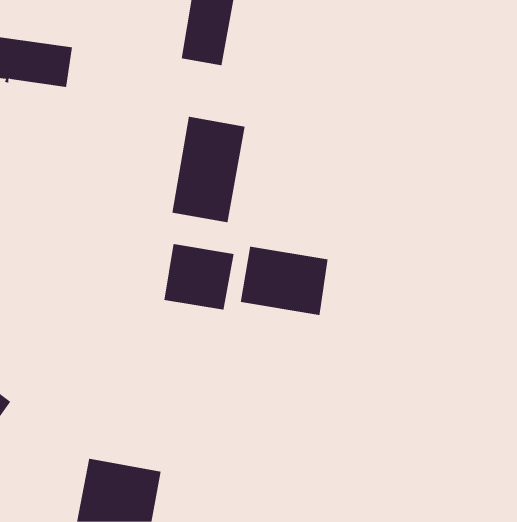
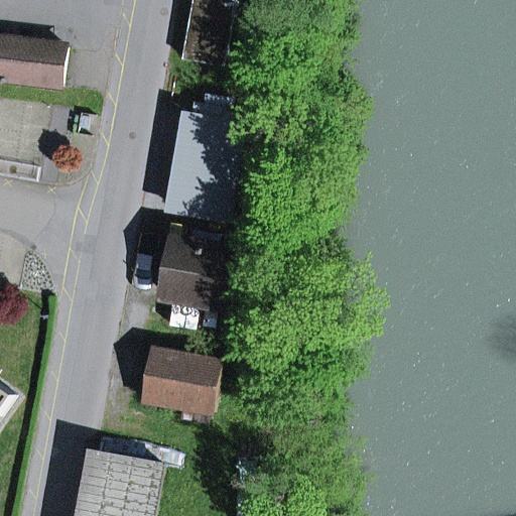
building: [240,246,328,316] -> none
building: none -> [142,348,219,410]

